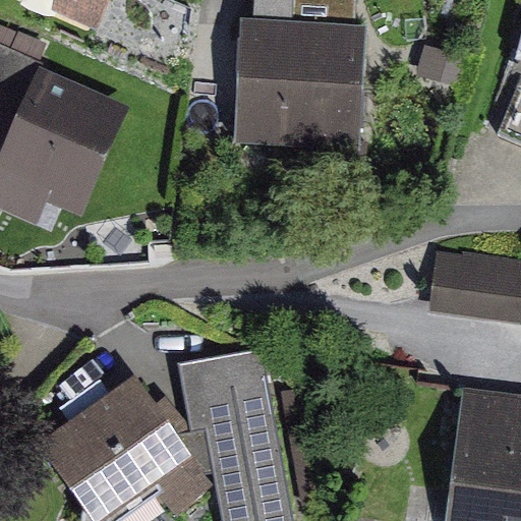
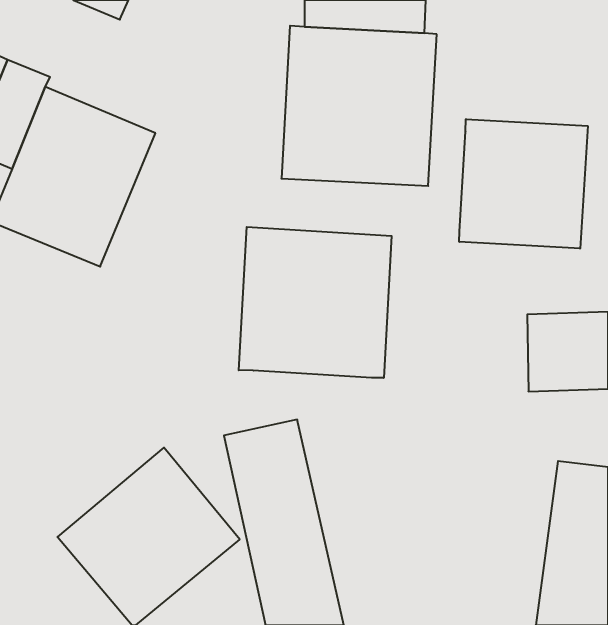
building: none -> [459,119,588,249]
building: none -> [239,227,392,378]

